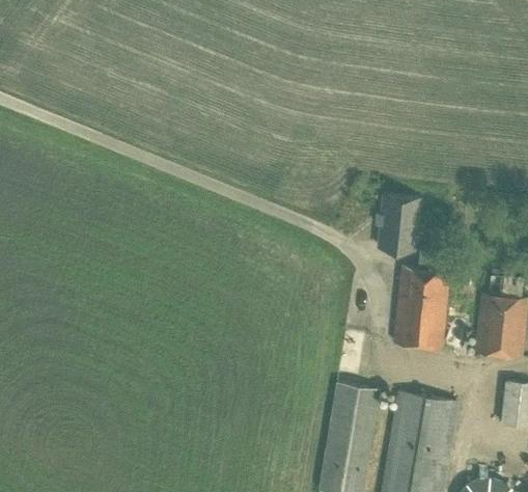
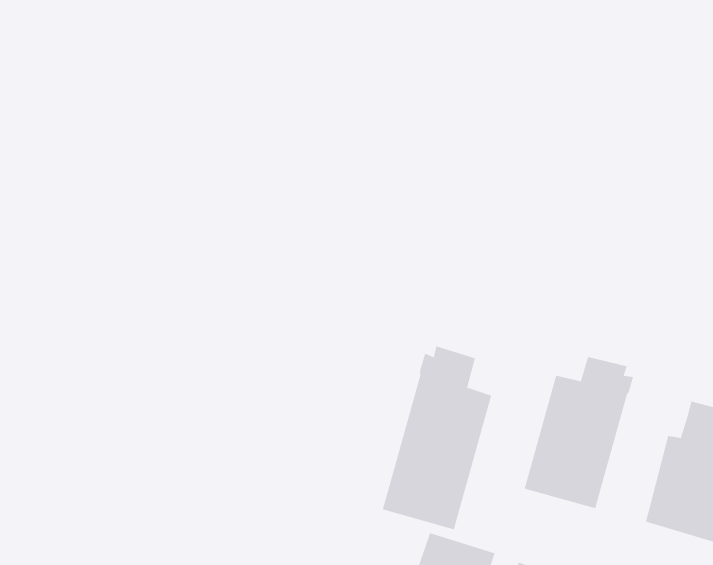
building: [379,196,419,252] -> none
building: none -> [382,345,492,530]

